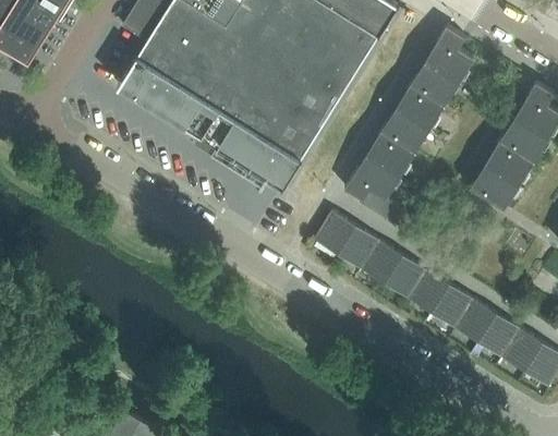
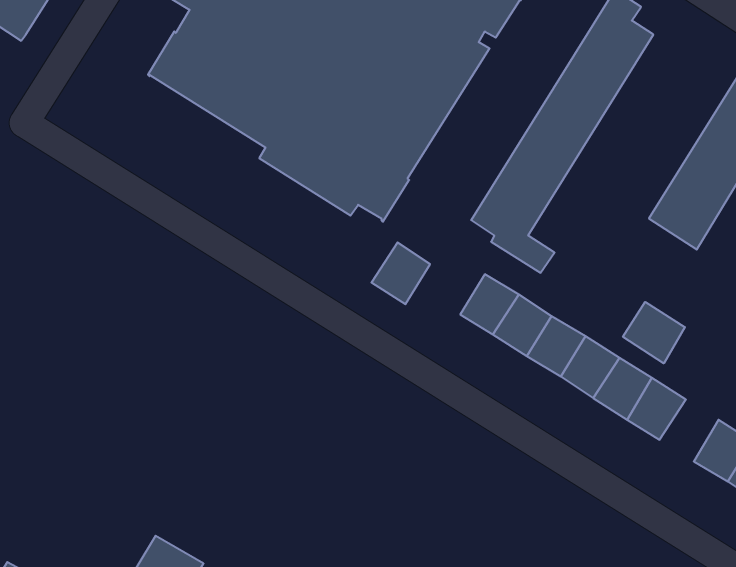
building: [314,211,355,255] -> [371,242,430,304]
building: none -> [623,302,685,363]
building: [478,315,520,359] -> none

